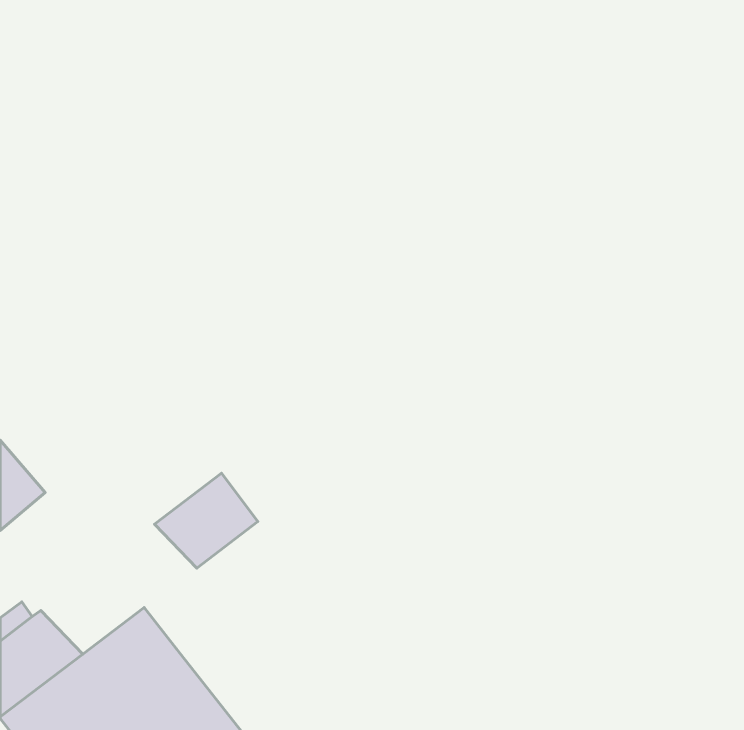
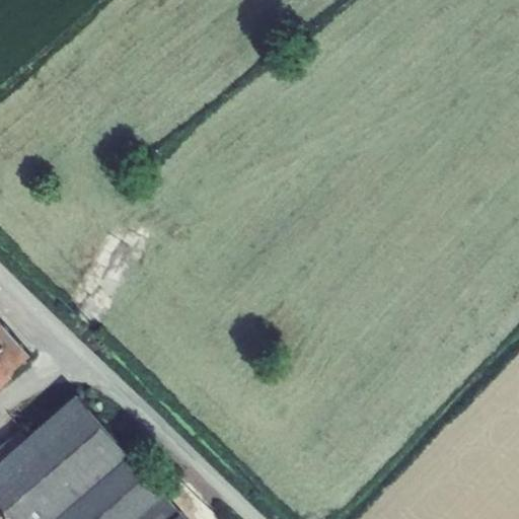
building: [154,473,258,568] -> [28,399,100,465]

